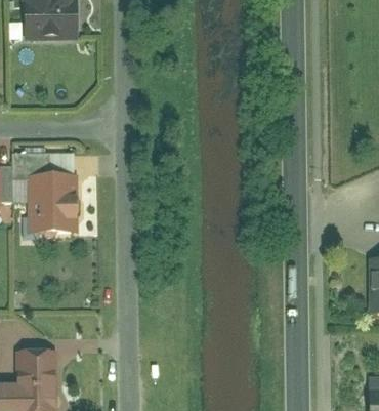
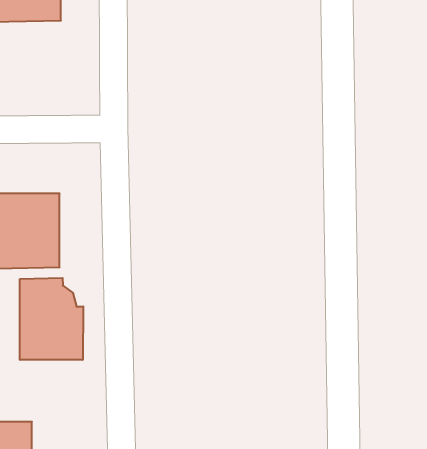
building: none -> [20,278,83,360]

